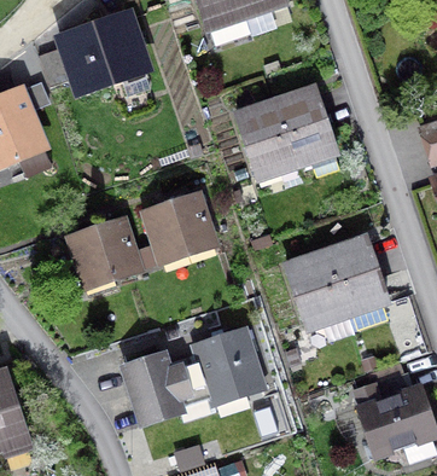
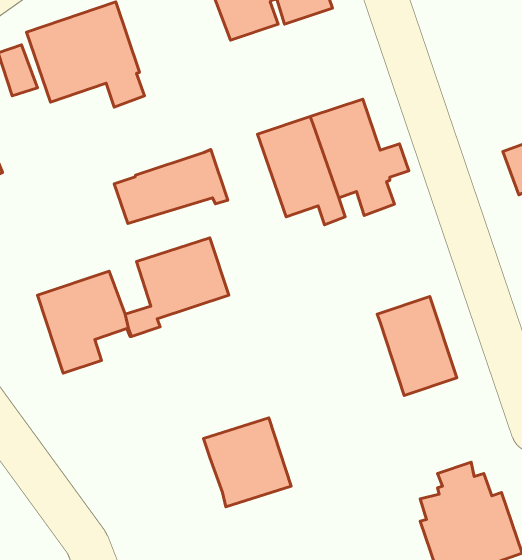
building: none -> [114,149,228,224]
building: [286,250,352,338] -> none
building: [127,355,209,419] -> none

